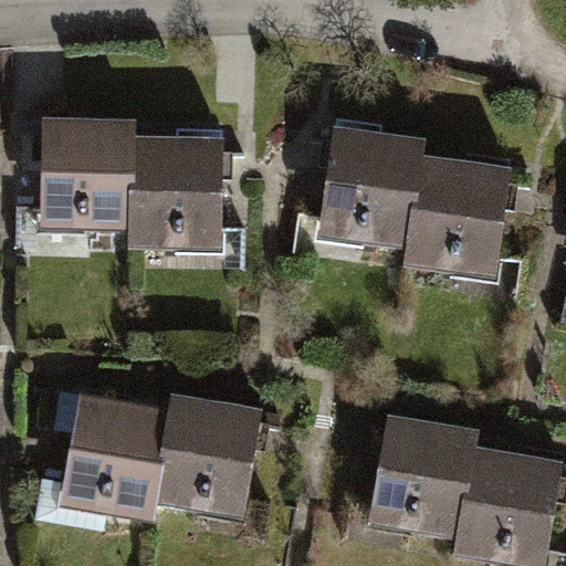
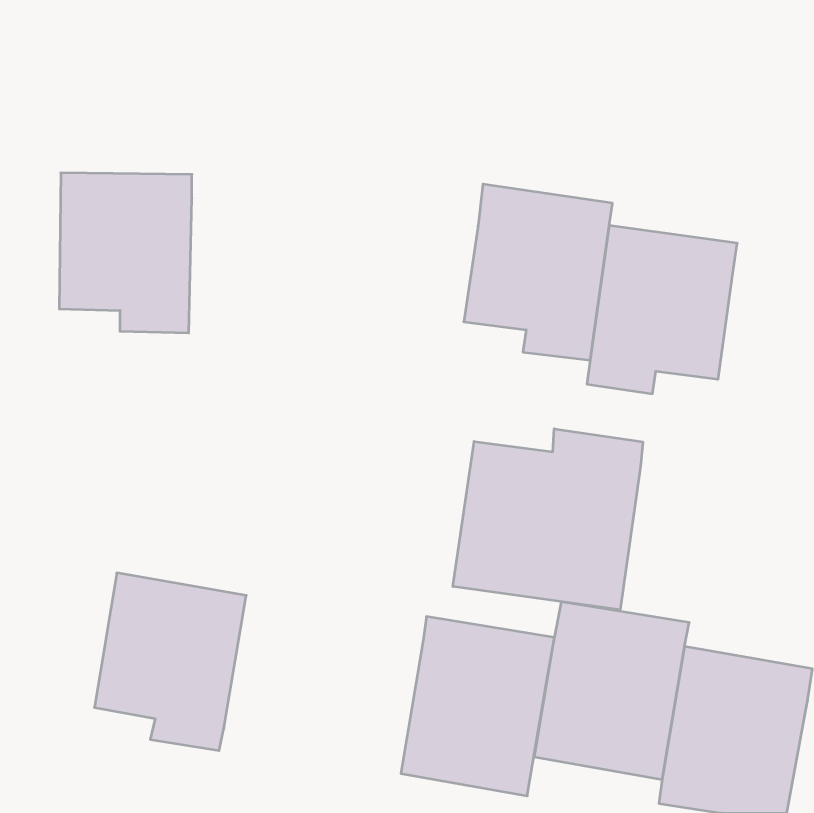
building: [130,137,222,248] -> none
building: none -> [453,429,643,610]
building: [155,395,261,518] -> [401,617,554,796]

